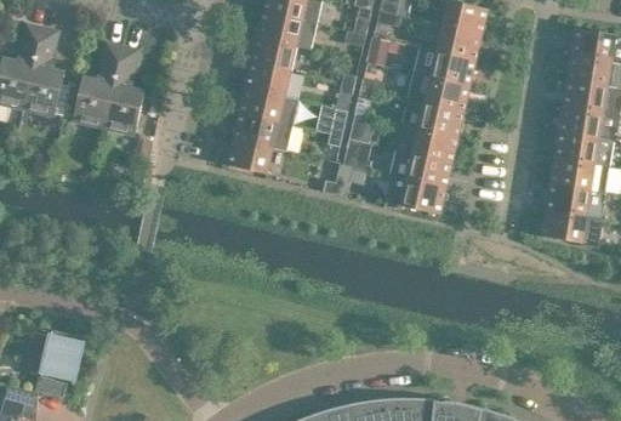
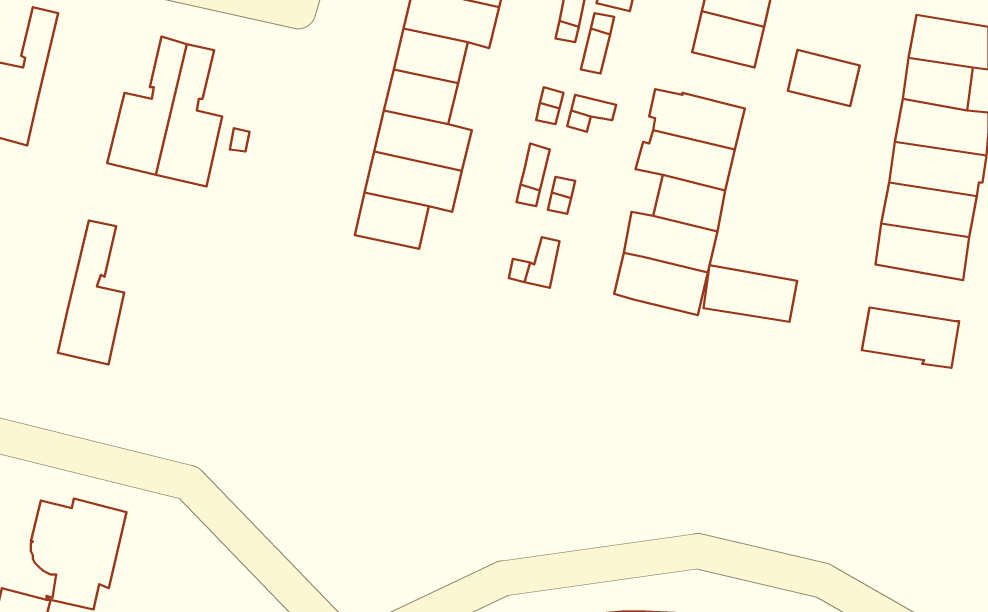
building: [22,27,63,116] -> [58,220,124,365]
building: [429,51,474,86] -> [788,50,860,106]
building: [546,183,604,218] -> [704,265,797,322]

